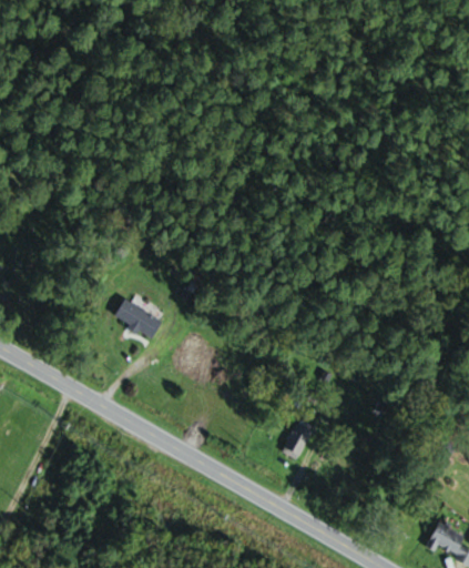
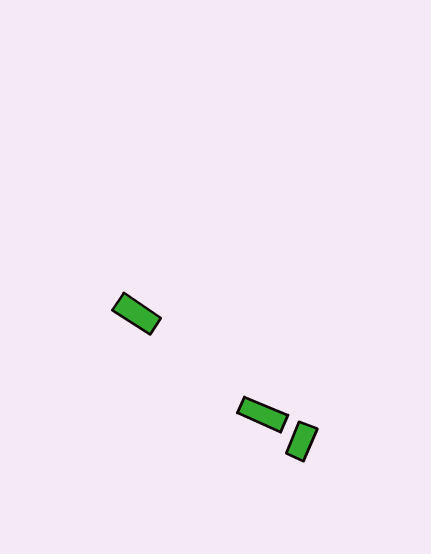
building: none -> [237,397,288,432]

